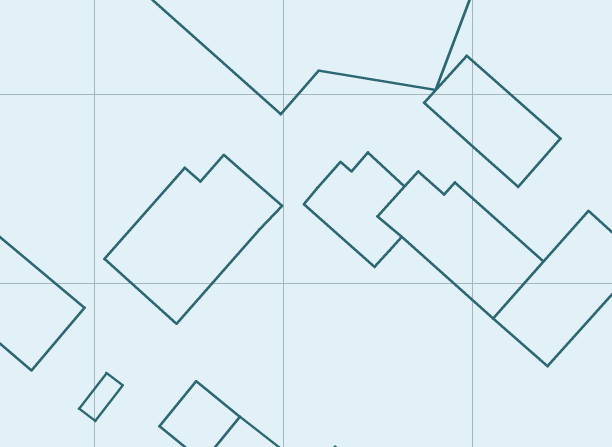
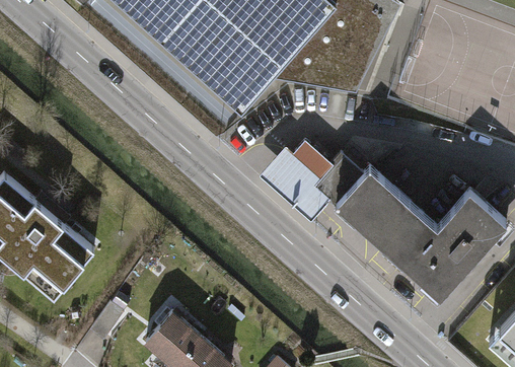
building: [424,56,561,187] -> none
building: [104,155,282,324] -> none

